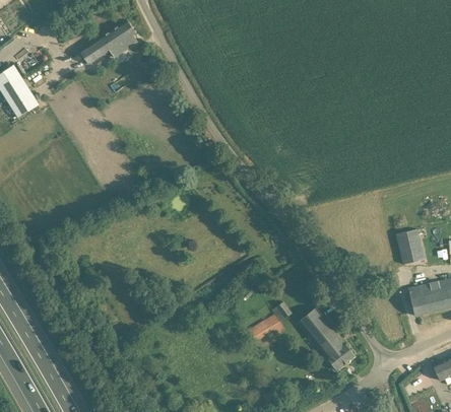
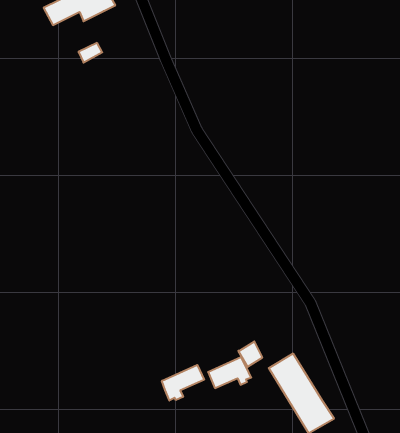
building: none -> [162,365,204,401]

